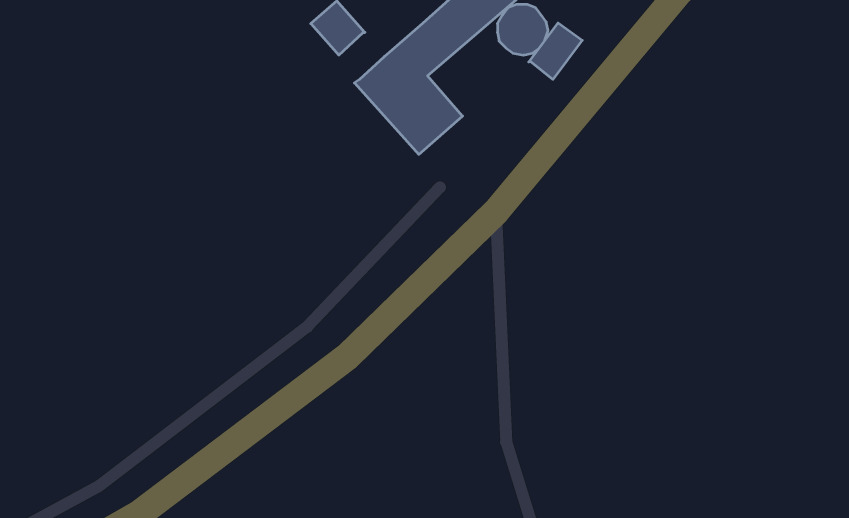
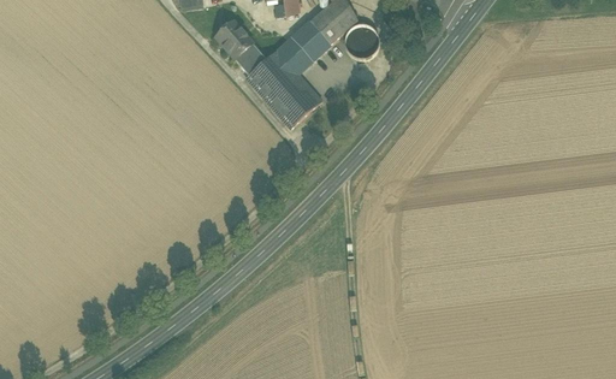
building: [529,23,582,79] -> none
building: none -> [235,42,266,75]

